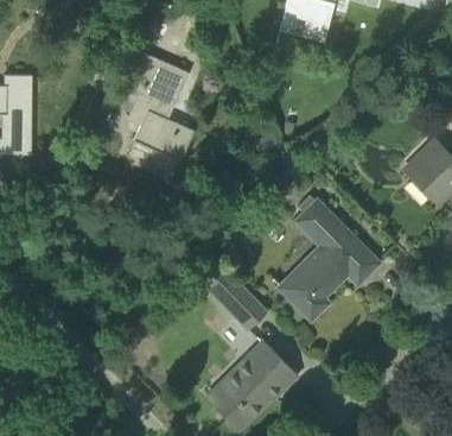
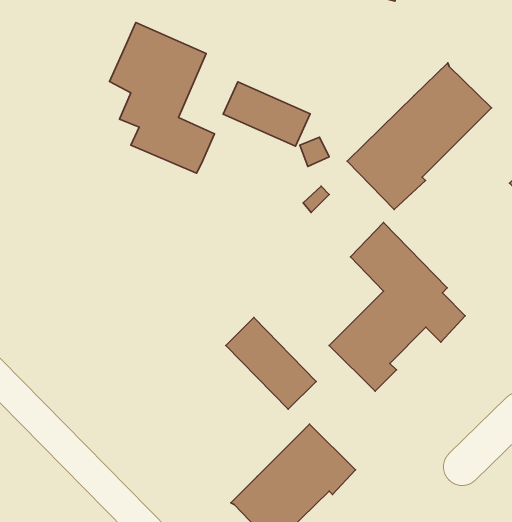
building: none -> [347,63,491,209]
building: none -> [223,82,310,146]

